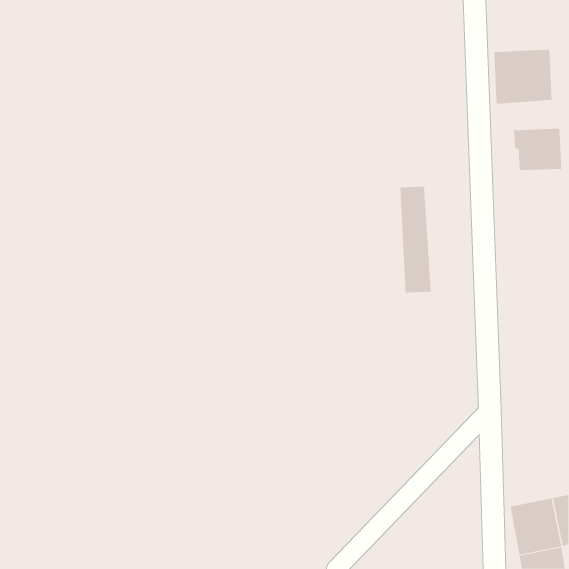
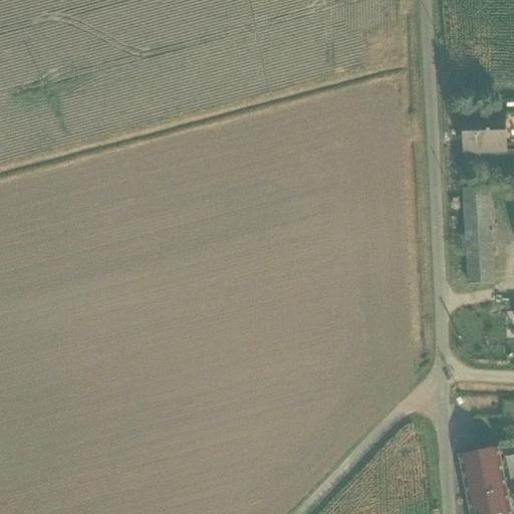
building: [494,49,552,104] -> none
building: [399,186,432,293] -> [464,190,493,286]

